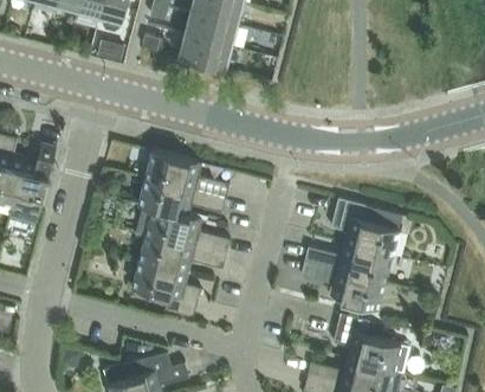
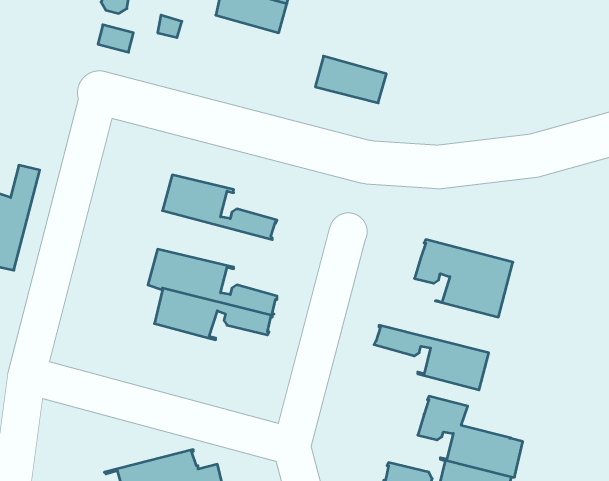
building: [179,33,231,68] -> [315,56,386,103]
building: [138,176,226,218] -> none
building: [304,243,392,281] -> none
building: [132,259,200,316] -> none

